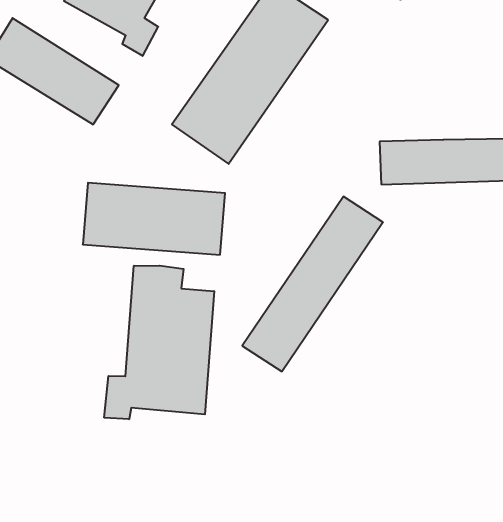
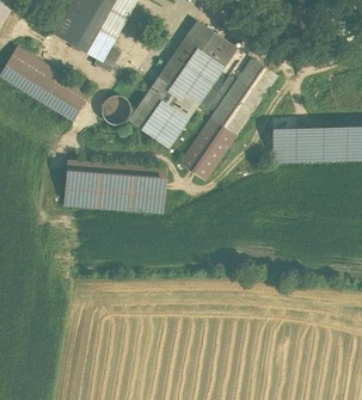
building: none -> [98,96,123,121]
building: [242,197,383,371] -> [178,59,276,180]
building: [104,266,214,419] -> none

